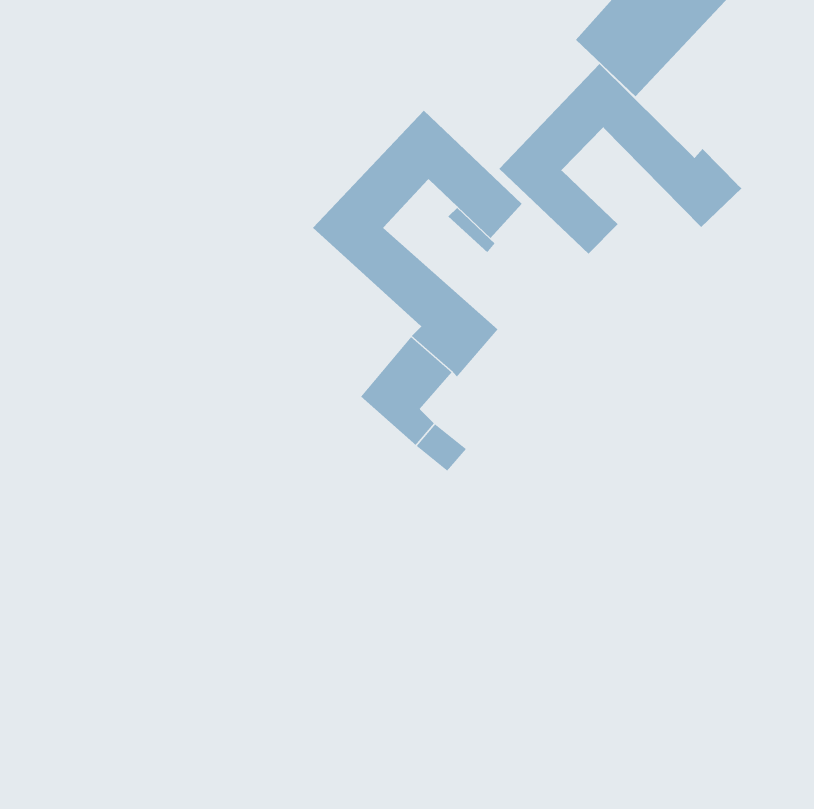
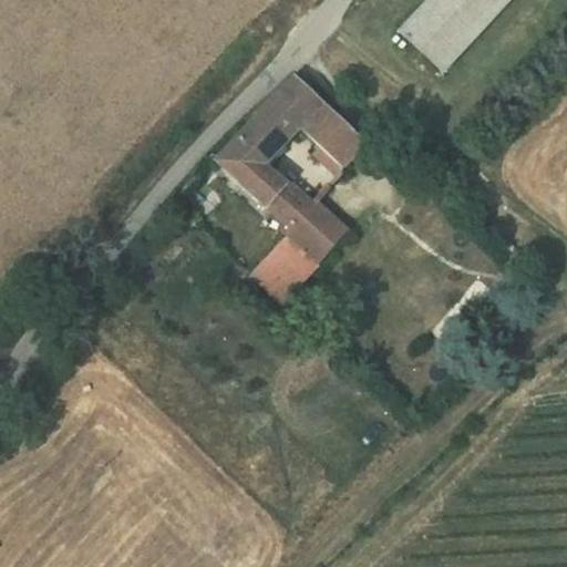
building: [498,63,742,254] -> none

